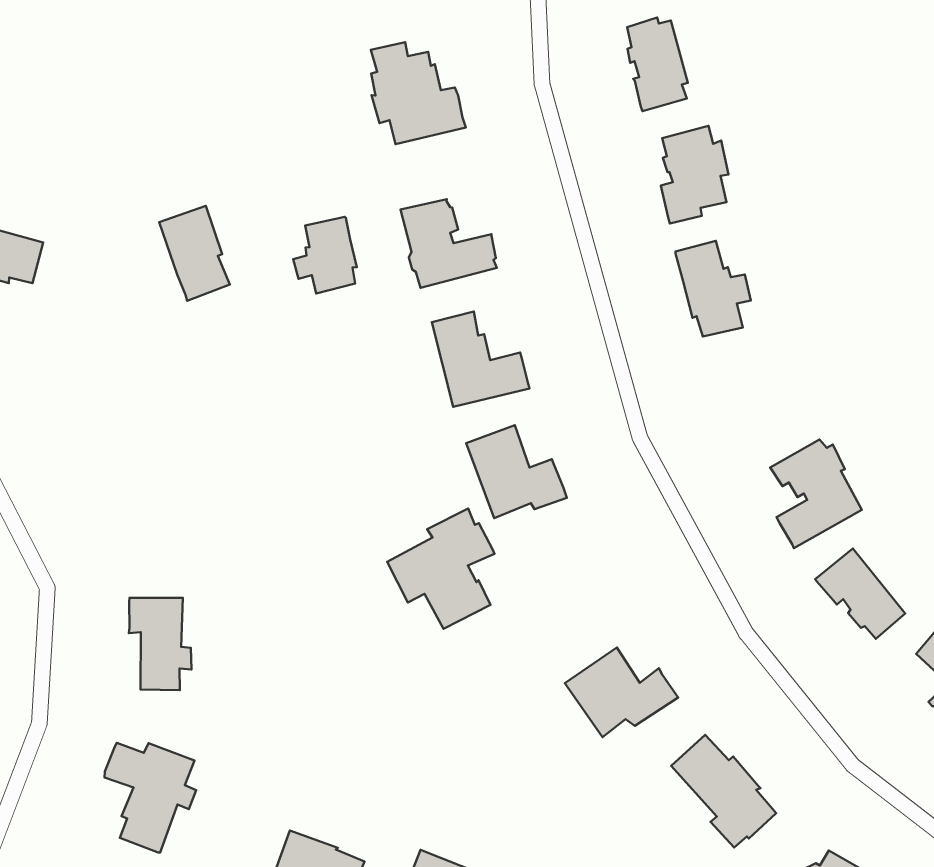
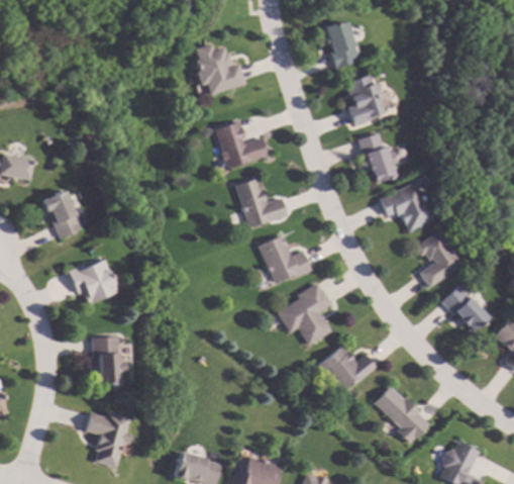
building: [159,206,230,301] -> [42,189,81,238]
building: [293,217,357,294] -> none
building: none -> [379,181,434,231]
building: none -> [68,259,118,304]
building: [387,508,494,629] -> [278,282,332,345]

